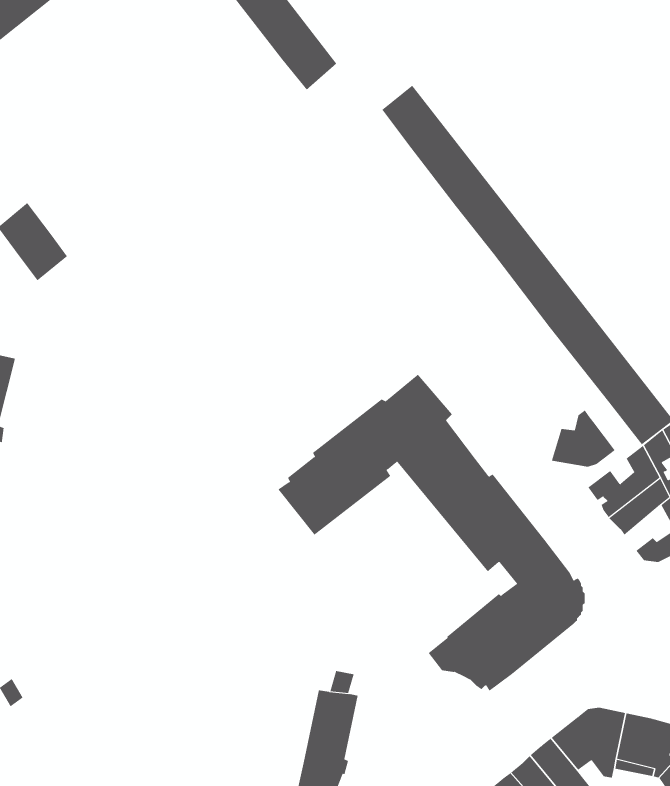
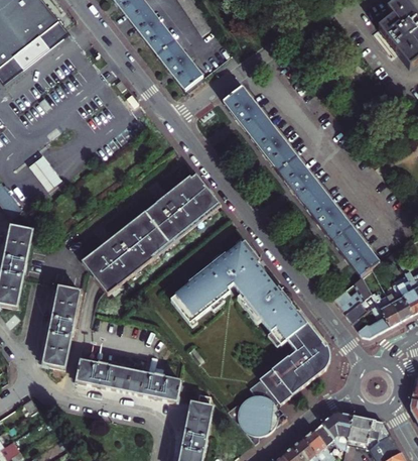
building: none -> [83,172,220,294]
building: [551,410,616,468] -> none
building: none -> [40,287,81,368]
building: none -> [77,360,181,404]
building: none -> [229,393,287,444]

